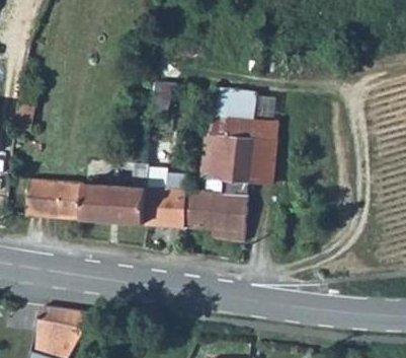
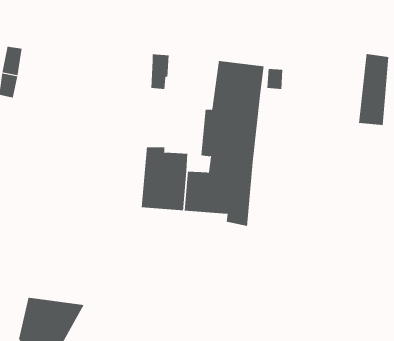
building: [249,119,277,185] -> [358,54,389,125]
building: [27,162,151,224] -> none

